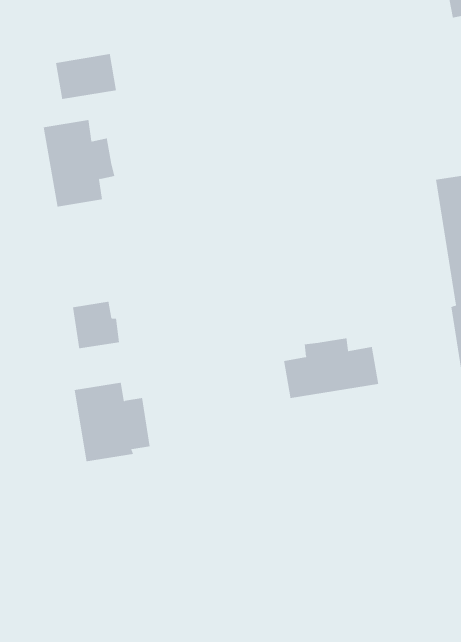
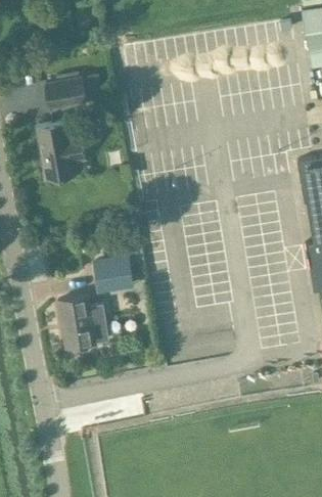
building: [72,301,120,349] -> [95,262,127,293]
building: [284,338,379,399] -> none

